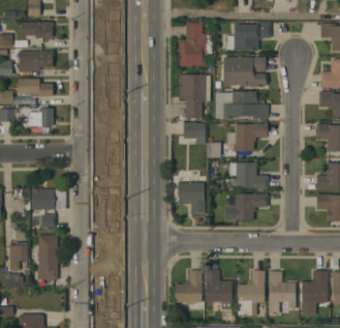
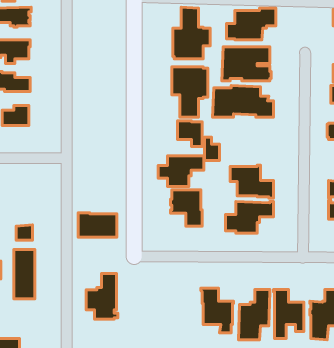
building: [226,124,267,151] -> [158,156,204,186]
building: [31,188,65,210] -> [78,213,117,237]
building: [175,270,203,310] -> [86,273,118,319]

